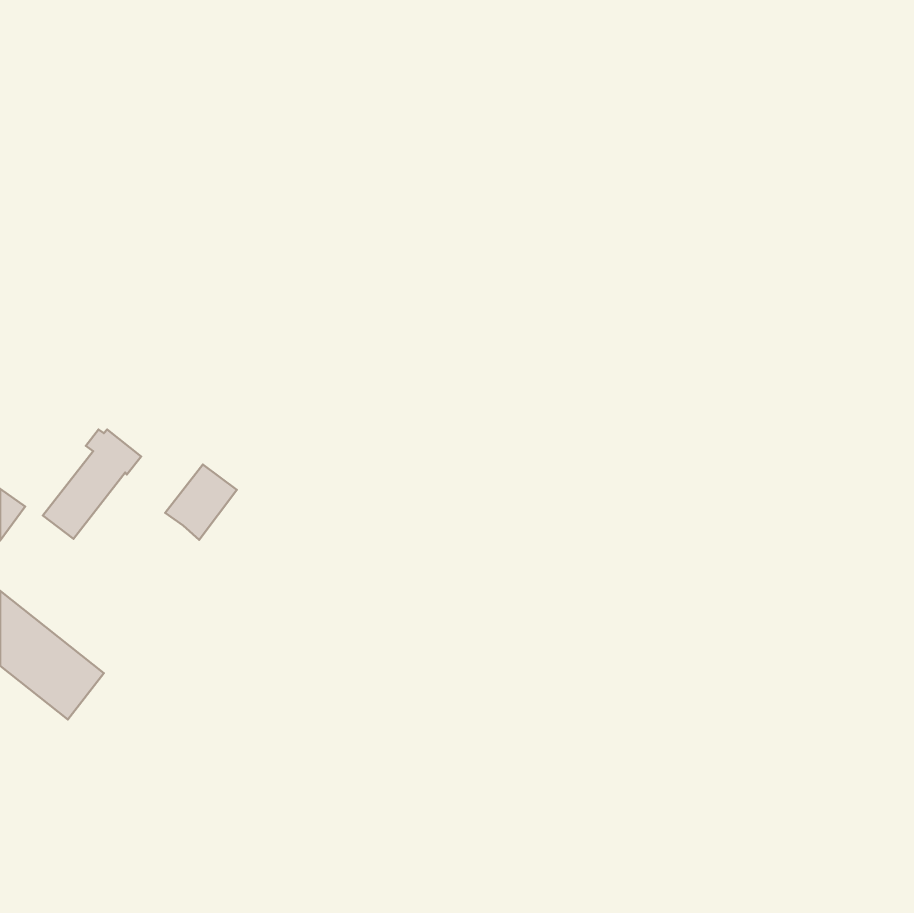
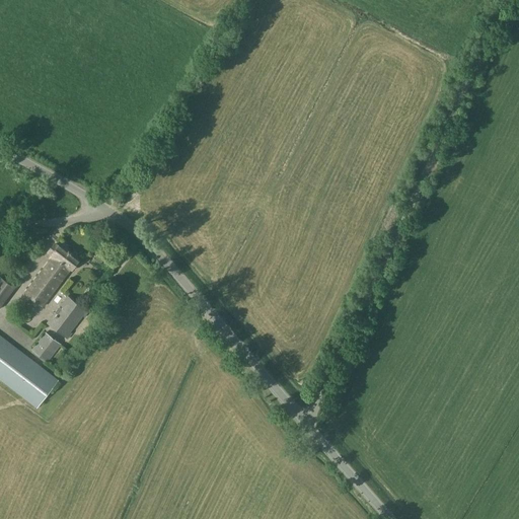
building: [165,465,237,540] -> [47,296,87,339]
building: none -> [32,332,61,362]

